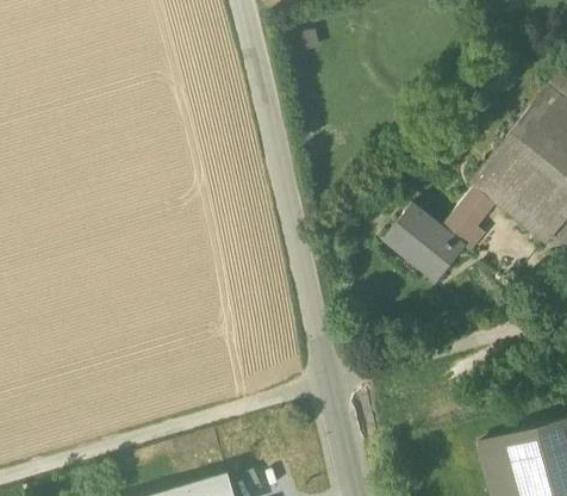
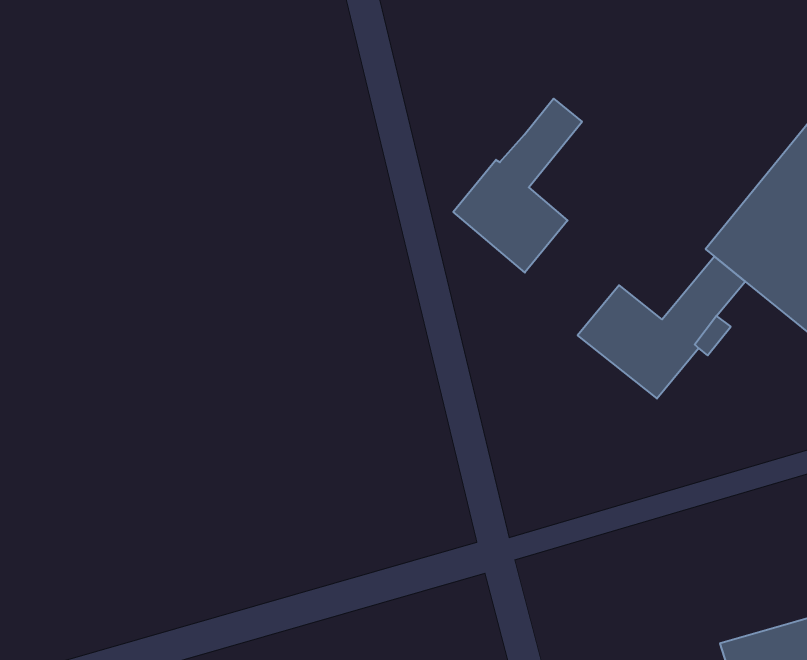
building: none -> [453,99,582,273]

